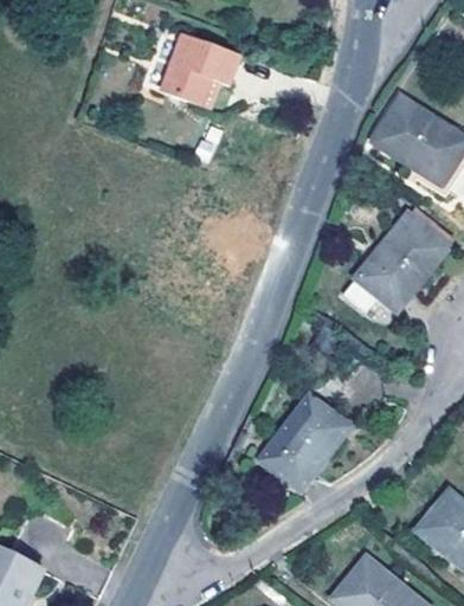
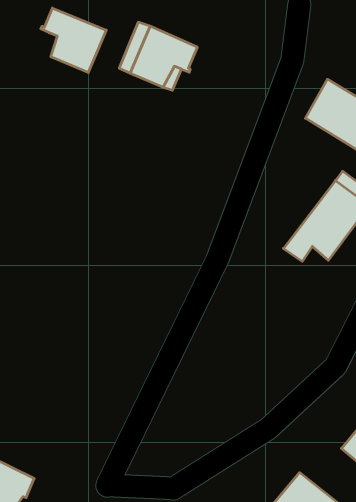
building: none -> [41,8,106,73]
building: [257,398,348,494] -> none

